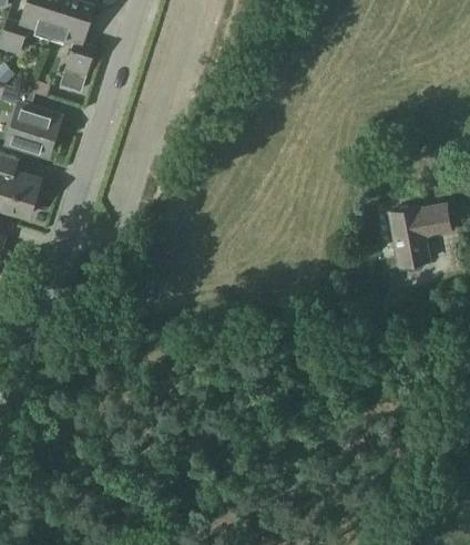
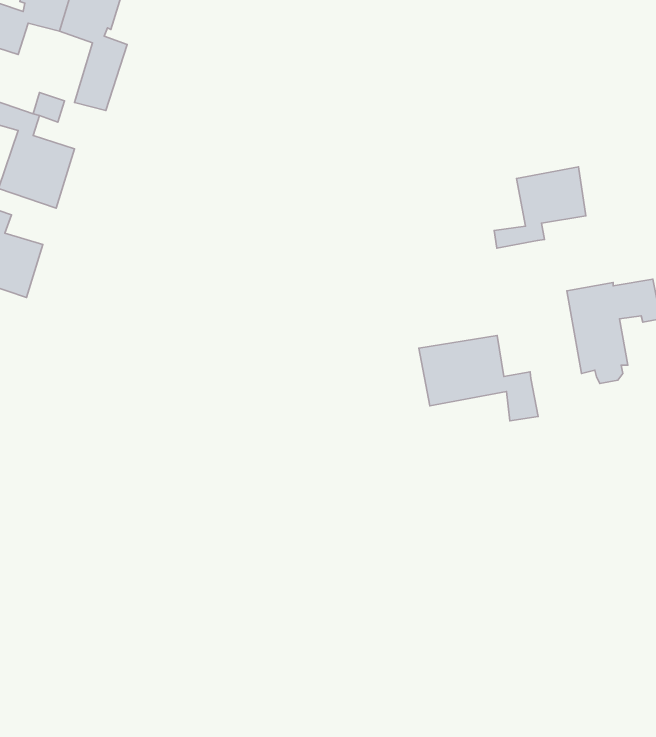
building: none -> [494,167,586,248]
building: none -> [419,335,538,421]

